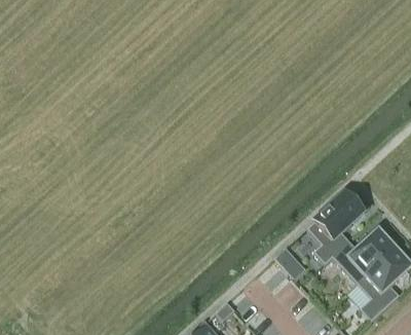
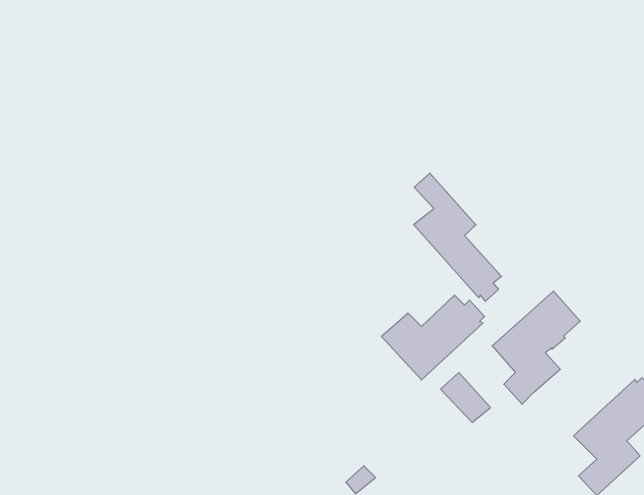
building: none -> [414,173,502,301]
building: [332,230,396,283] -> [381,295,485,380]

